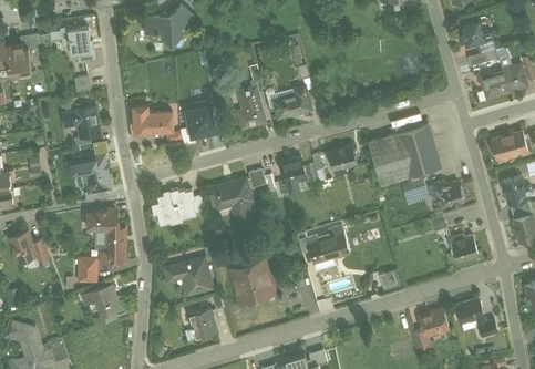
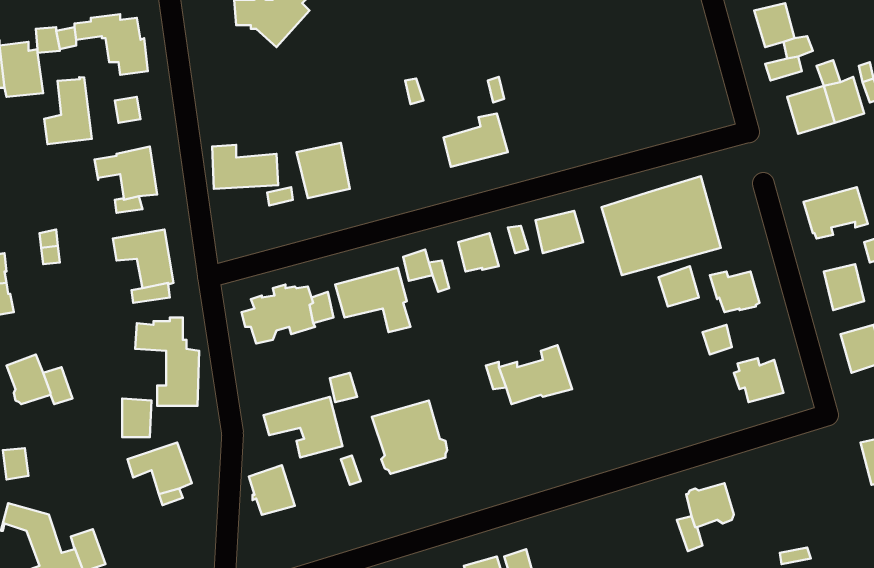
building: none -> [44,77,92,144]
building: [238,88,264,129] -> none
building: [455,298,497,336] -> none
building: [188,308,216,338] -> [249,465,295,515]

